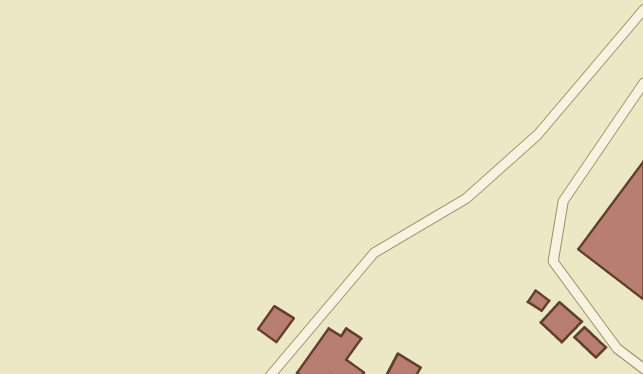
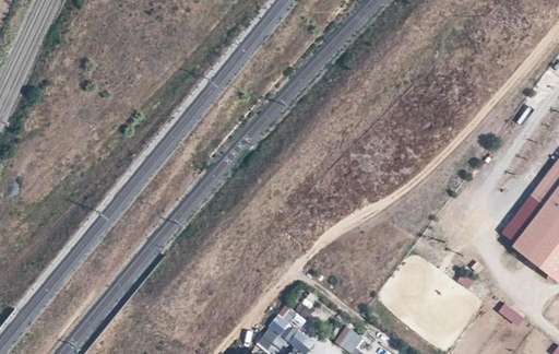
building: [541,302,582,342] -> none
building: [258,306,294,342] -> none

